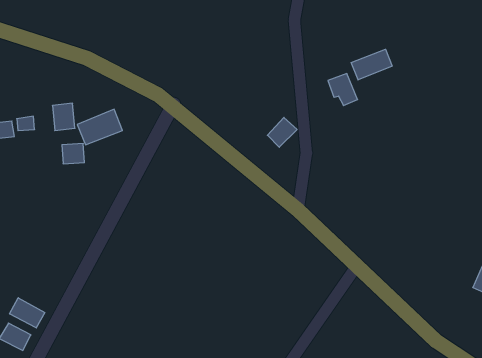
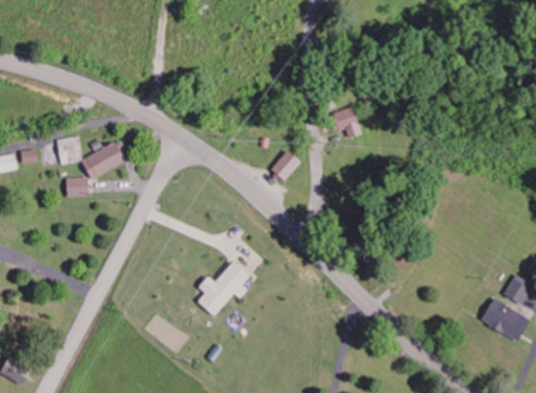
building: [351,49,392,80] -> none
building: none -> [197,259,251,315]
building: [10,298,45,328] -> none

